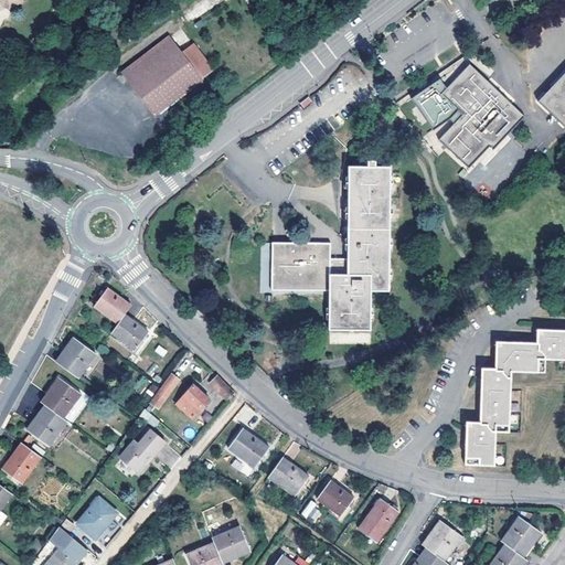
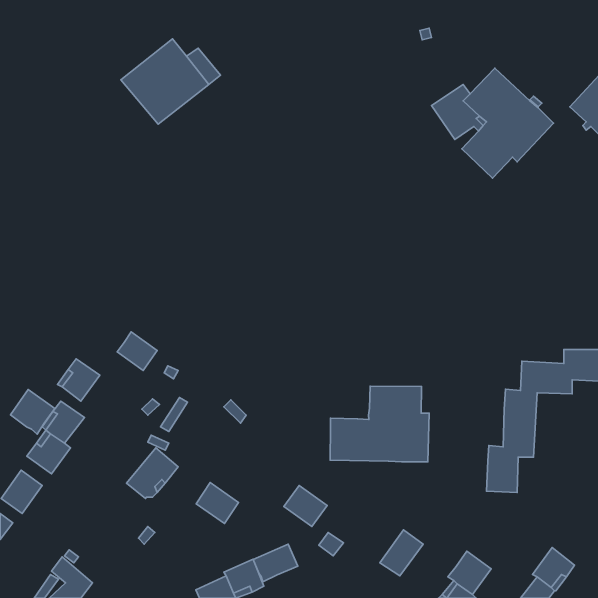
building: [260,159,390,329] -> none
building: [95,287,131,322] -> none
building: none -> [330,386,429,462]
building: none -> [10,390,55,434]
building: [177,384,210,417] -> none
building: [230,429,269,468] -> [196,483,238,524]
building: [318,481,354,516] -> none
building: [79,497,119,539] -> none
building: none -> [253,544,298,582]

